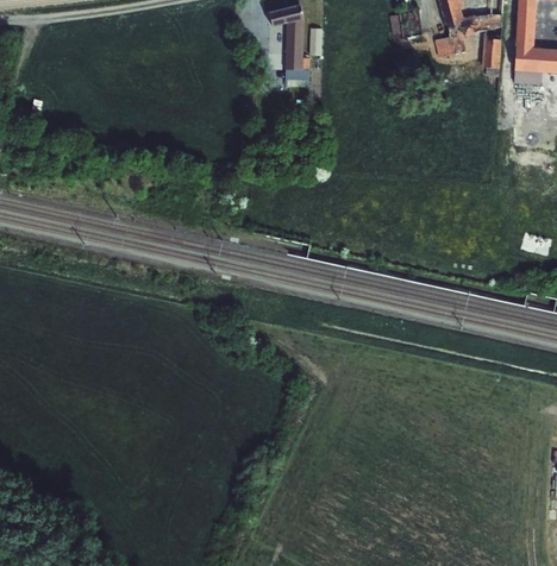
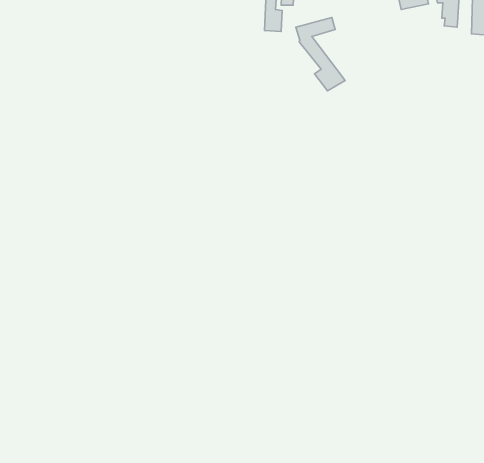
building: none -> [296,17,345,91]

